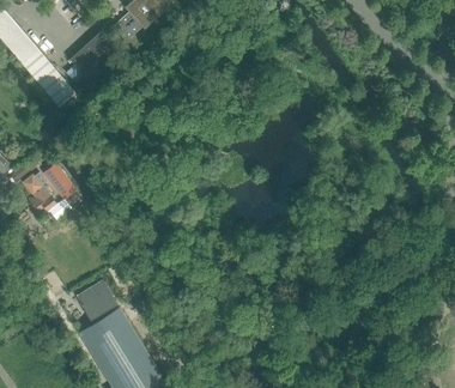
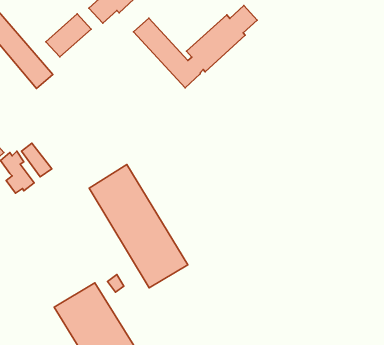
building: none -> [134,5,257,88]
building: none -> [89,164,188,288]
building: [75,280,117,320] -> none

